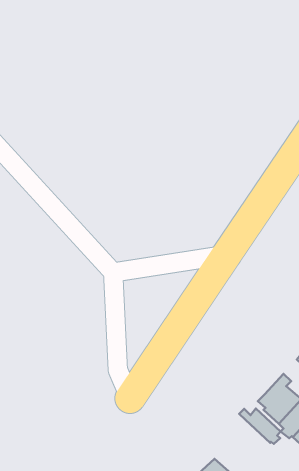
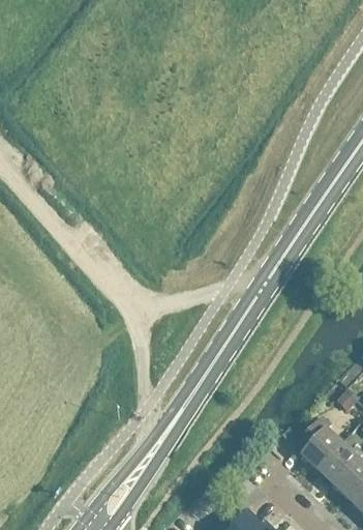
building: [239,409,281,444] -> none

